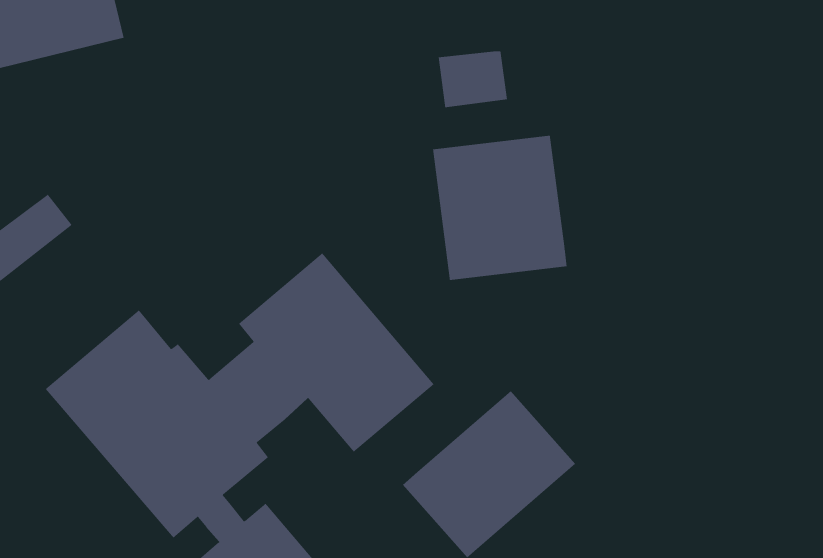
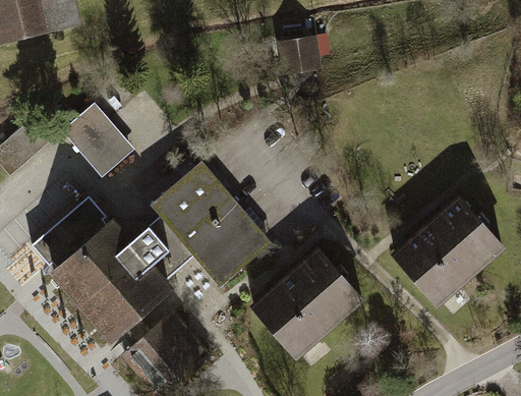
building: [432,135,567,281] -> none
building: none -> [62,102,132,174]
building: none -> [395,196,502,301]

